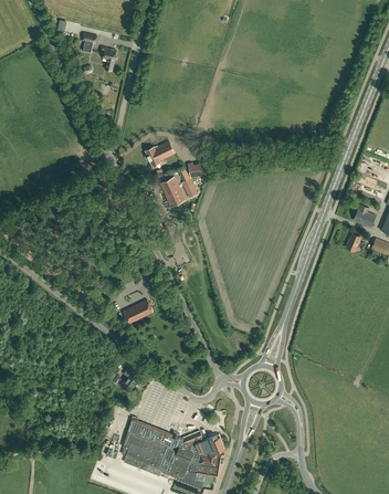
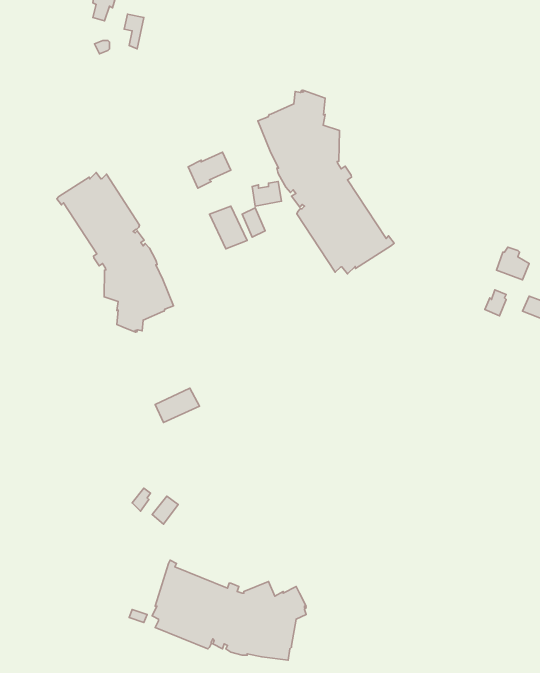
building: none -> [258,90,394,274]
building: none -> [57,172,174,332]

